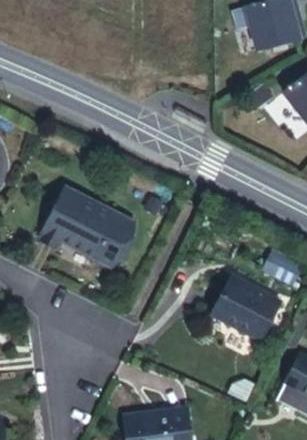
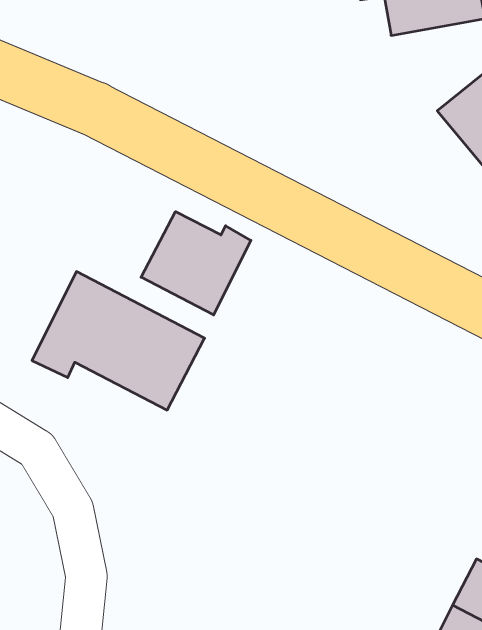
building: none -> [141,212,251,315]
building: [216,286,282,348] -> none

